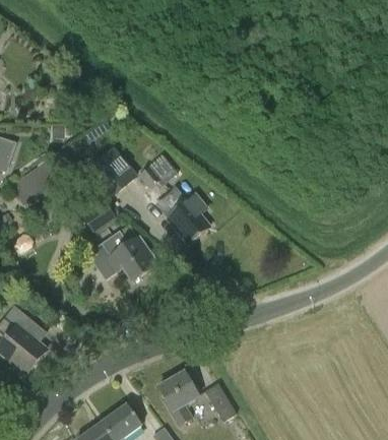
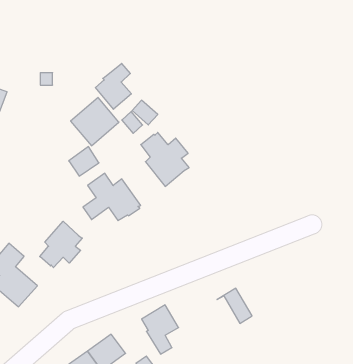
building: none -> [95,63,131,109]
building: [13,166,58,204] -> none
building: none -> [40,221,82,268]
building: [198,384,236,422] -> [217,288,252,323]

